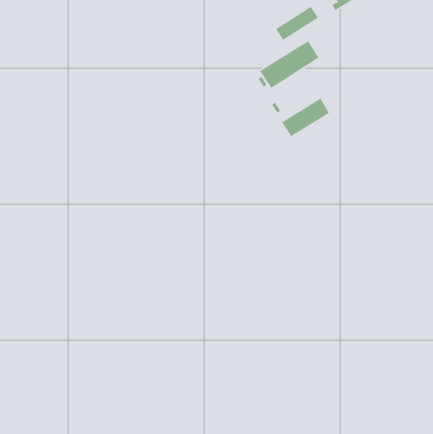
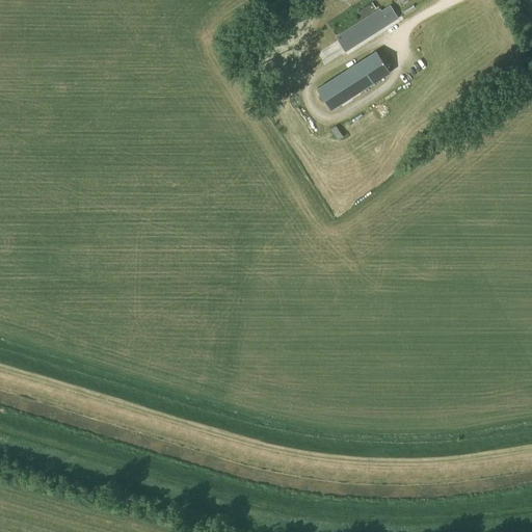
building: [281,98,330,137] -> none

